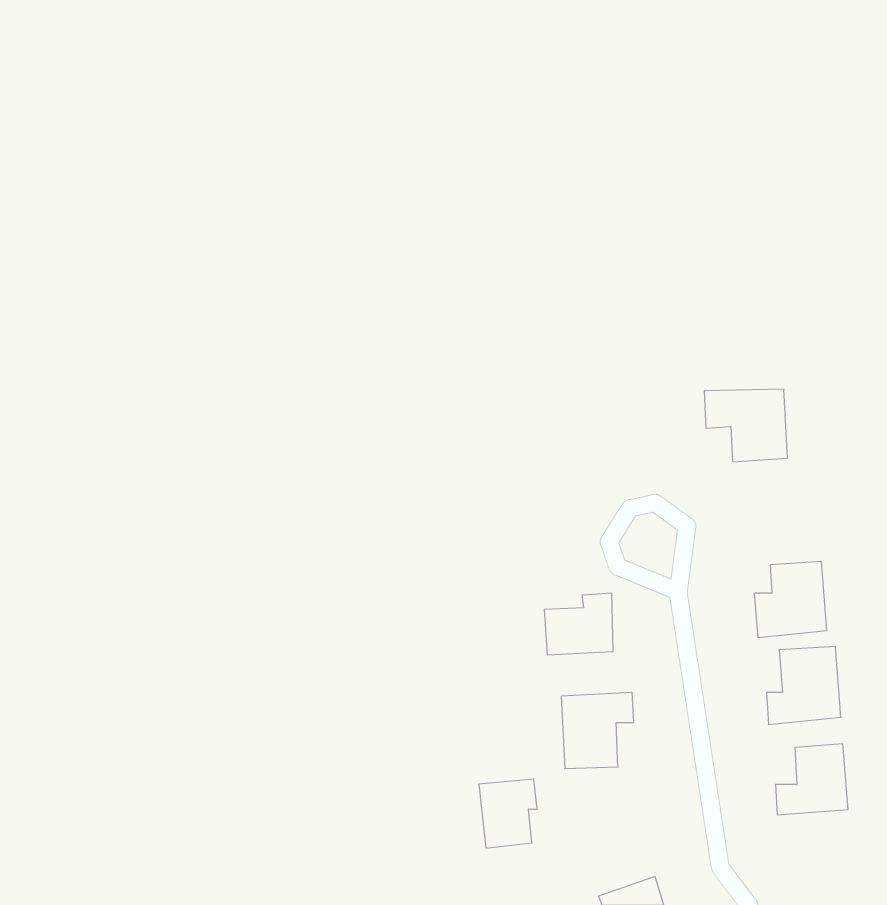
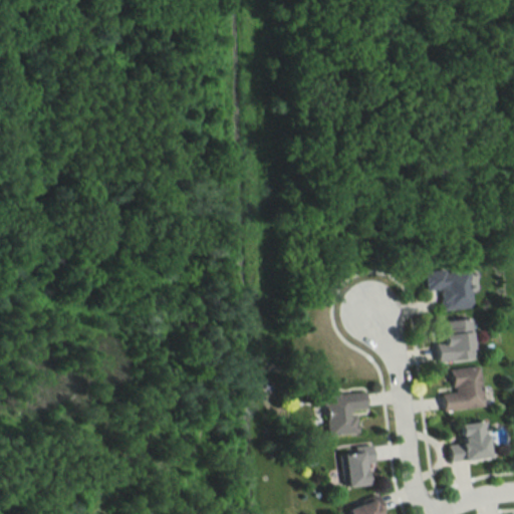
building: [704,389,787,462] -> [429,269,476,310]
building: [544,593,613,655] -> none
building: [479,779,537,848] -> [343,448,376,487]

